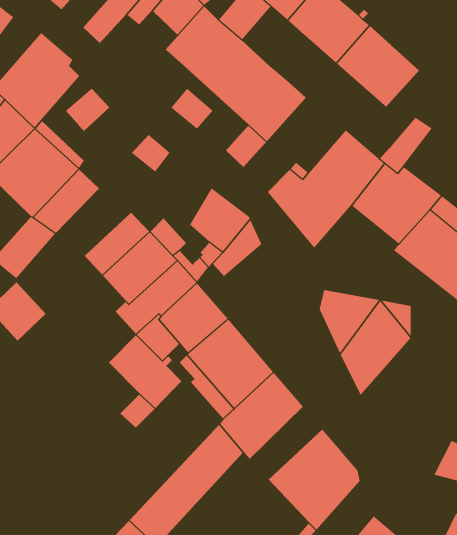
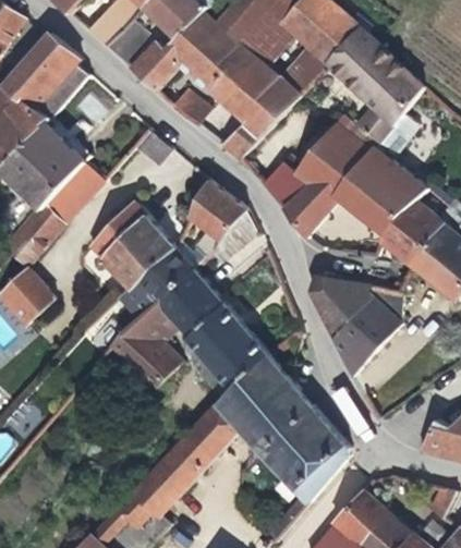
building: none -> [239,10,293,65]
building: none -> [105,17,148,61]
building: none -> [130,40,183,92]
building: none -> [280,47,327,95]
building: none -> [356,70,425,143]
building: none -> [245,386,314,454]

